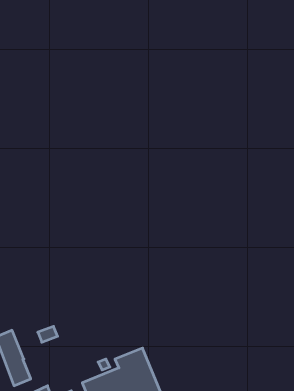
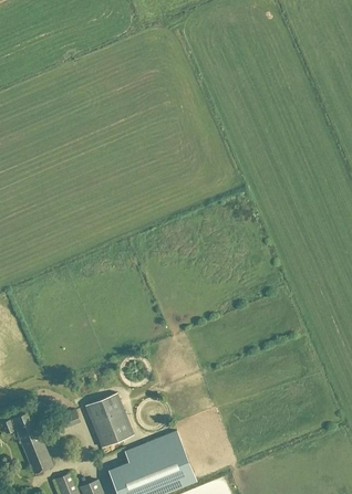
building: none -> [84,393,133,448]

